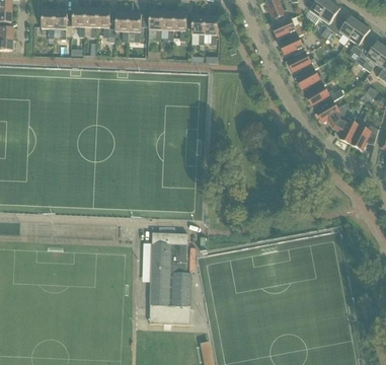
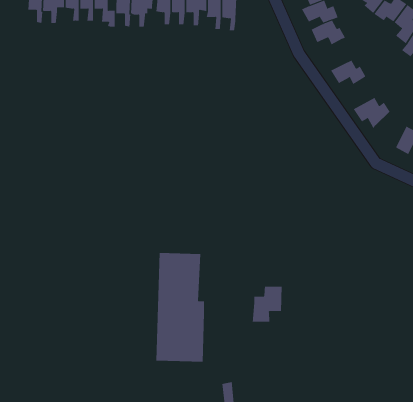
building: [287,52,317,73] -> none
building: [305,85,343,106] -> none
building: [331,113,359,143] -> none
building: none -> [252,286,282,323]

